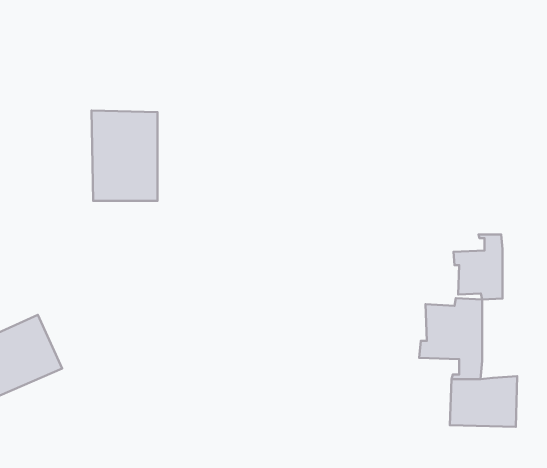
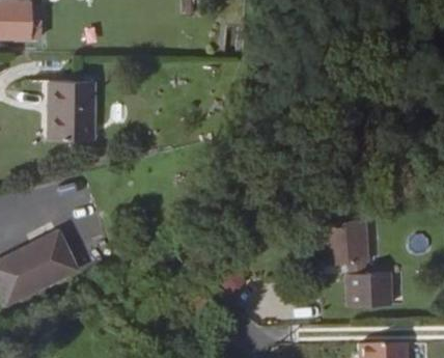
building: [92,110,157,201] -> [46,78,90,139]
building: [453,235,502,300] -> none

